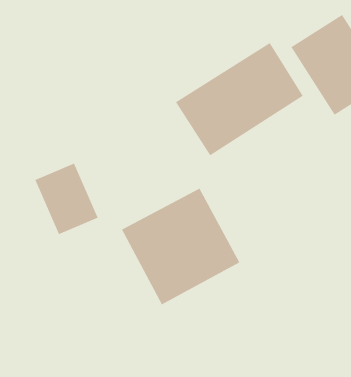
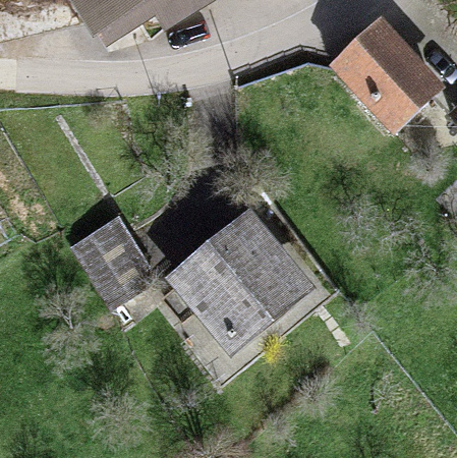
building: [175,42,304,156] -> none

